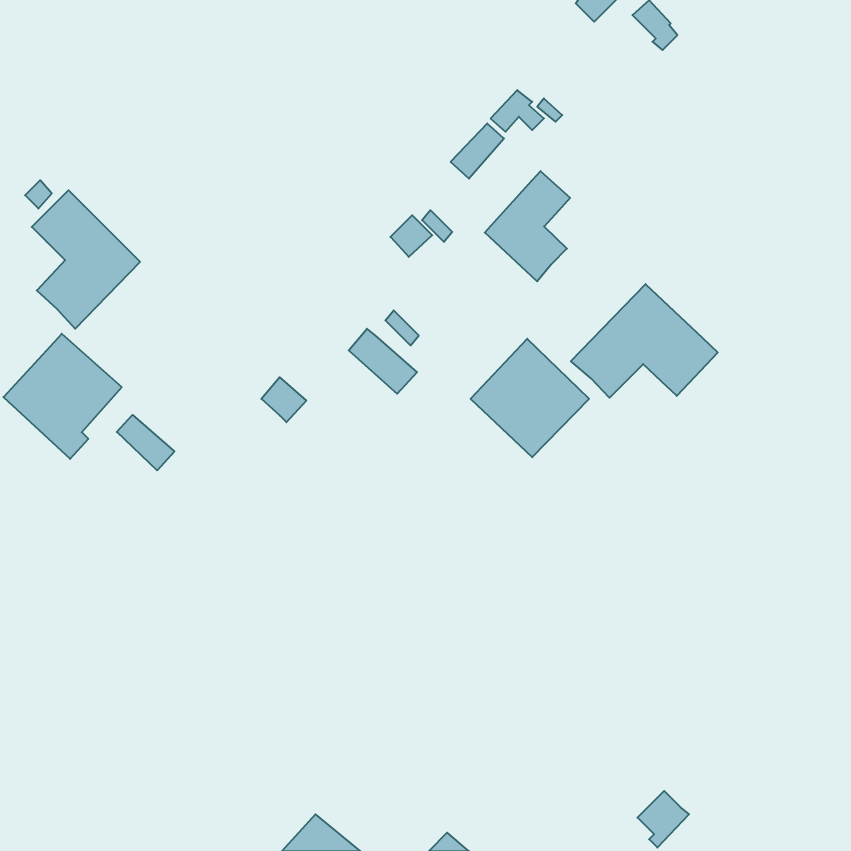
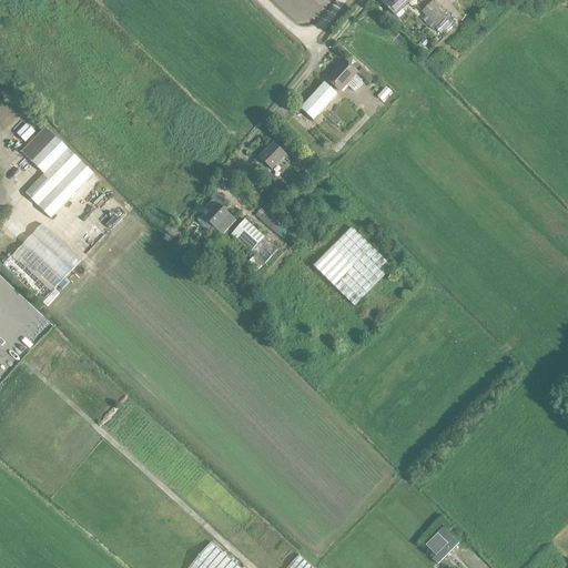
building: [485,171,570,281] -> none
building: [571,284,718,398] -> none
building: [261,377,306,422] -> [204,203,234,233]
building: [117,415,174,470] -> none

